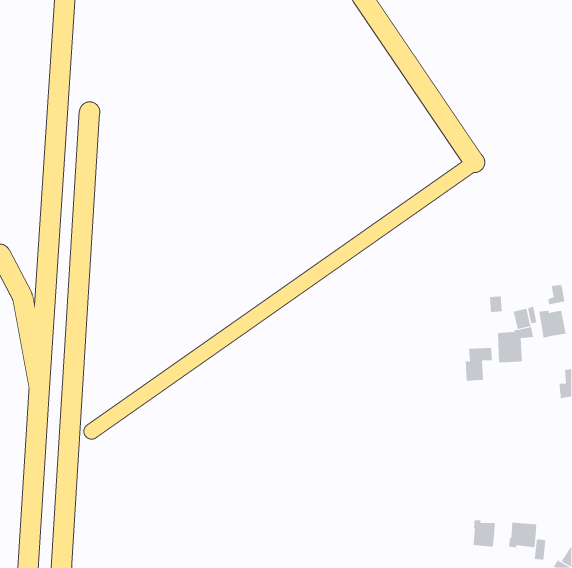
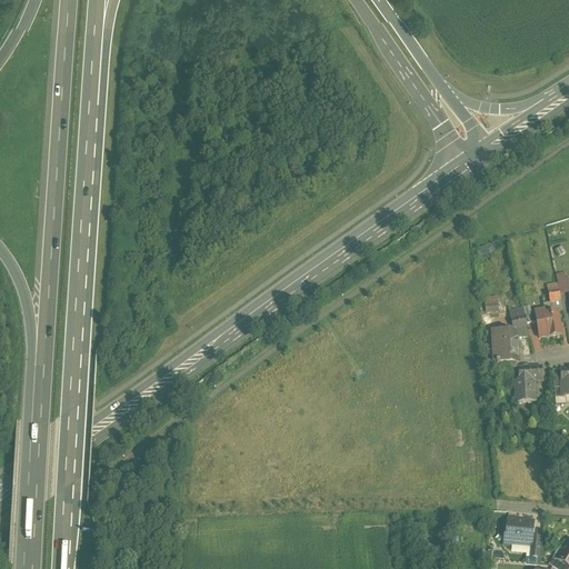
building: [465,348,493,381] -> [516,365,543,398]
building: [473,520,495,547] -> none

